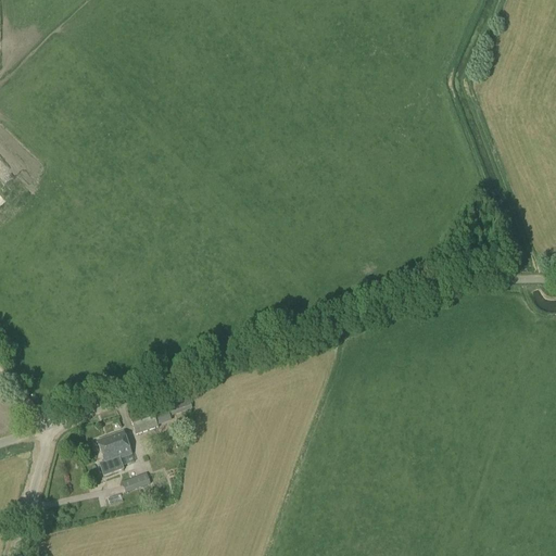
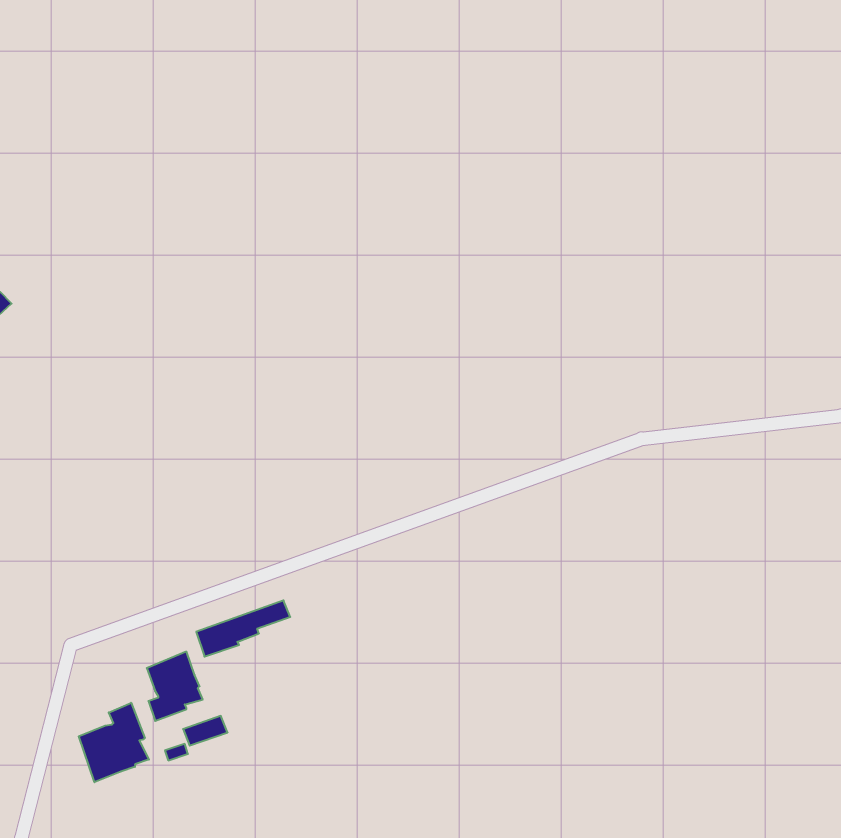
building: none -> [79,703,149,782]

